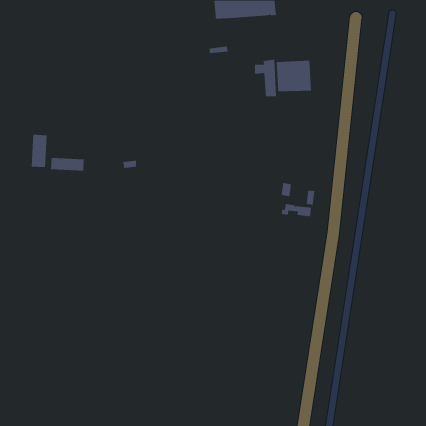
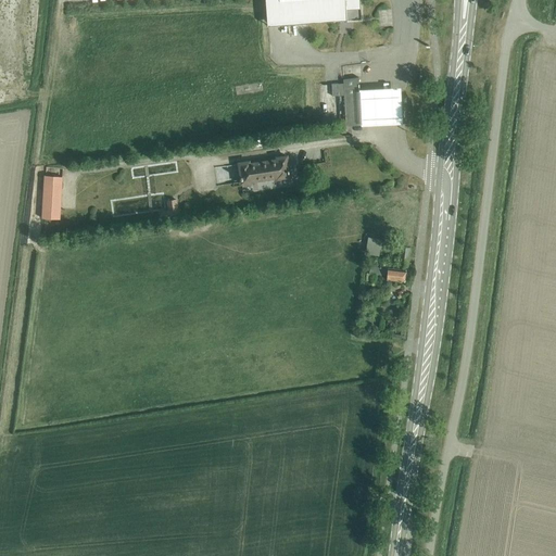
building: none -> [238,156,290,185]
building: [51,157,84,171] -> none

